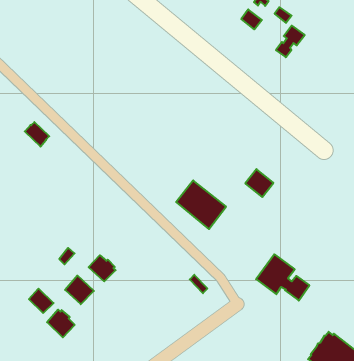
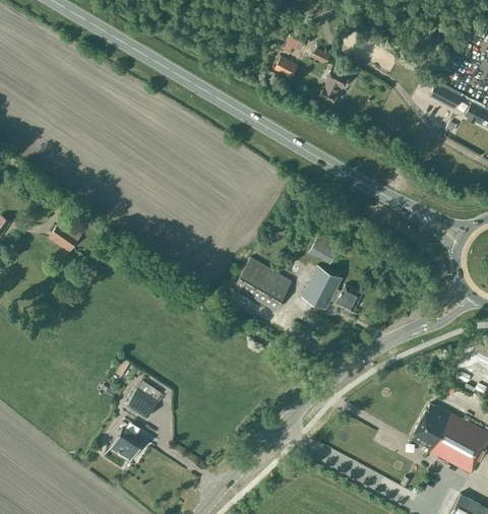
building: [256,254,309,301] -> [302,265,363,313]
building: [89,255,116,281] -> none
building: [29,289,54,313] -> none

